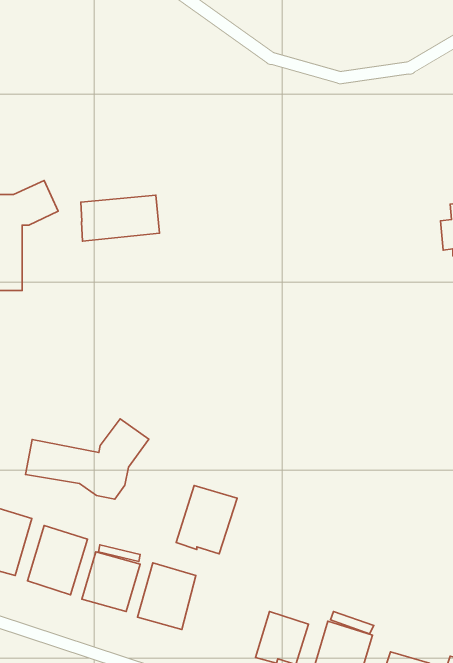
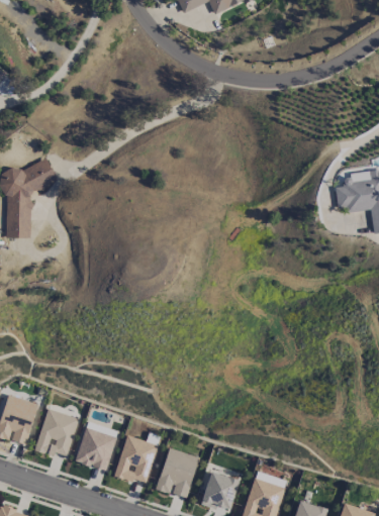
building: [81,195,160,241] -> none
building: [25,419,149,499] -> none
building: [176,486,237,554] -> [156,447,200,497]

